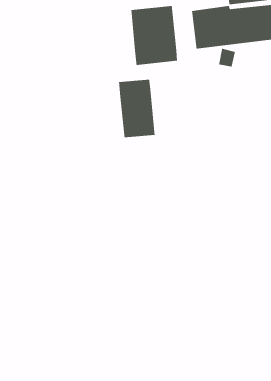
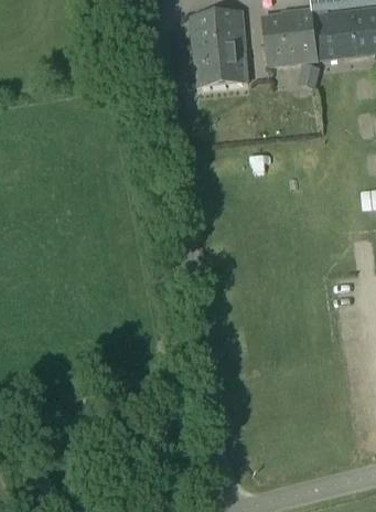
building: [118,79,156,138] -> none

